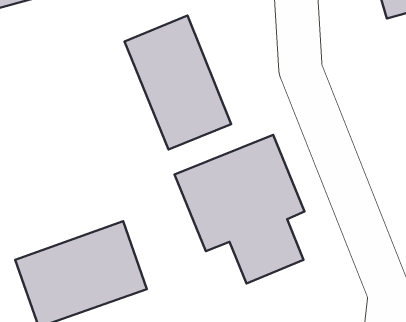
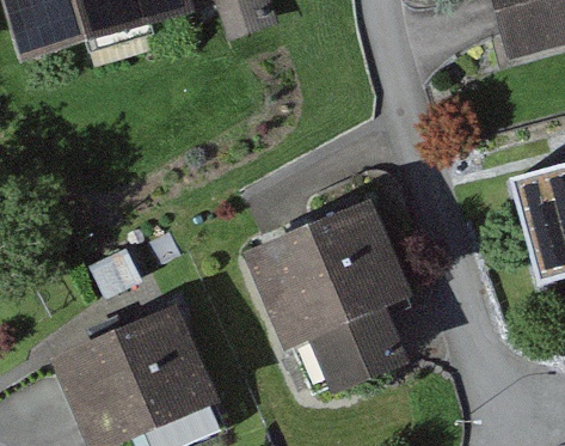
building: [124,16,231,150] -> none

